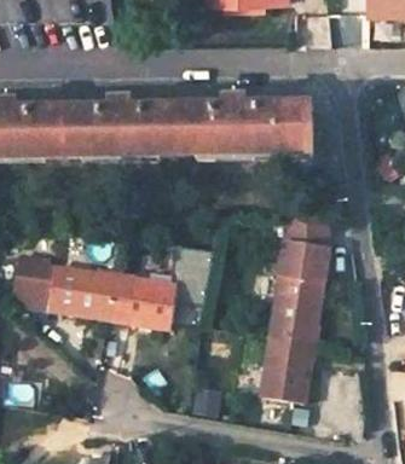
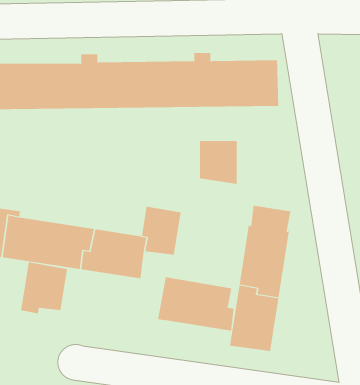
building: [285,215,324,260] -> [199,140,237,185]
building: none -> [21,262,67,314]
building: none -> [158,276,234,332]

